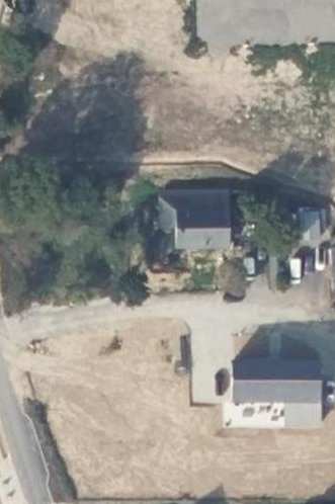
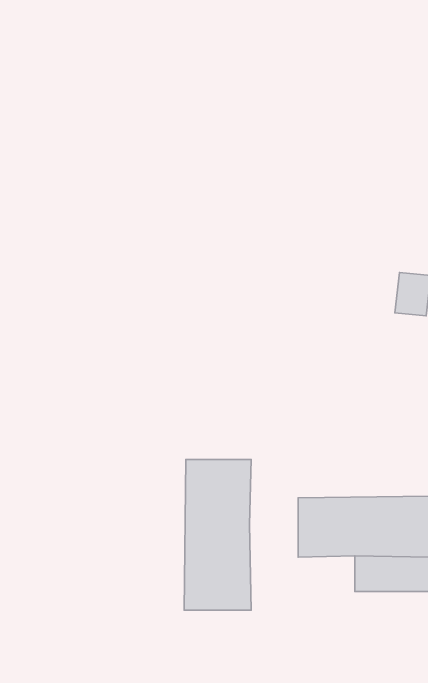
building: [160,191,230,248] -> none
building: none -> [184,460,251,610]

